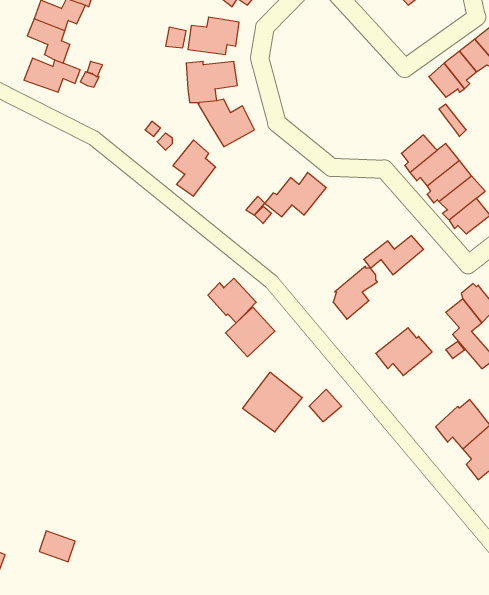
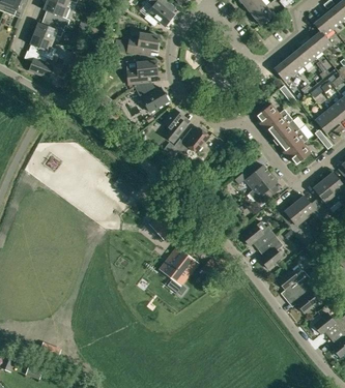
building: [173,140,216,196] -> [162,107,188,141]
building: [333,266,377,319] -> [251,173,278,205]
building: [208,278,256,323] -> none
building: none -> [258,235,283,268]

